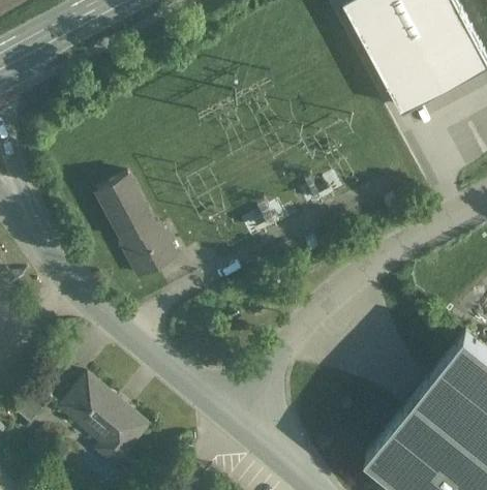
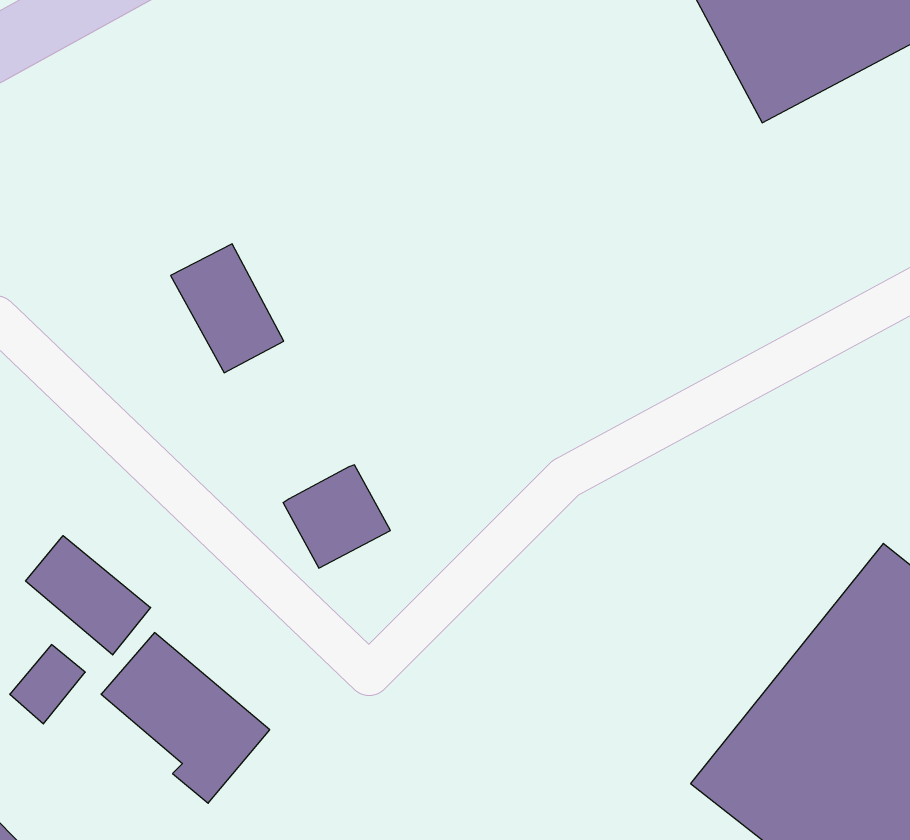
building: [120,225,176,279] -> [283,465,390,568]
building: none -> [26,536,151,655]

